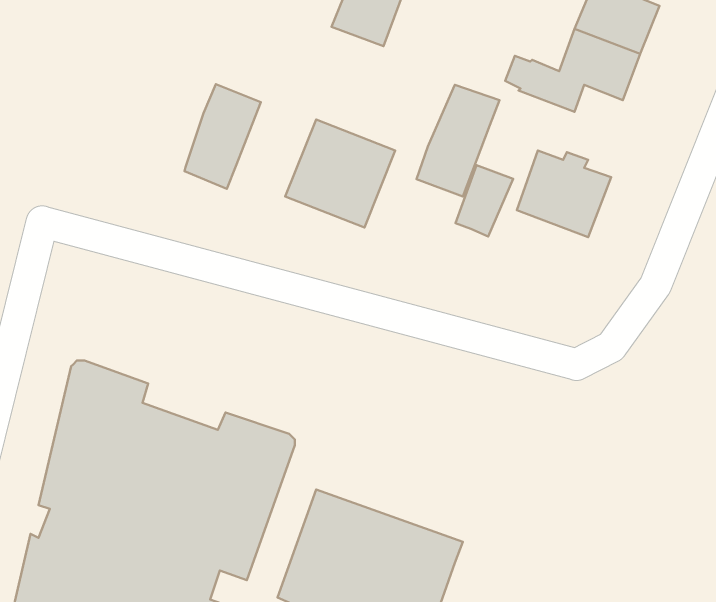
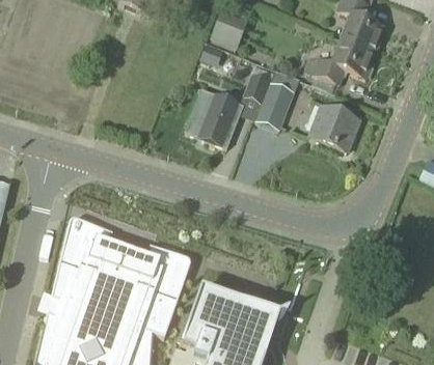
building: [184,84,261,189] -> none
building: [455,165,513,237] -> [243,64,274,103]

